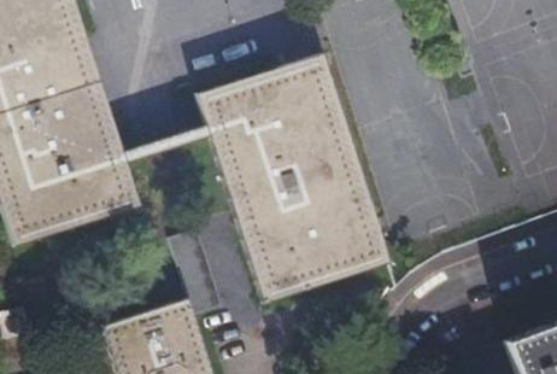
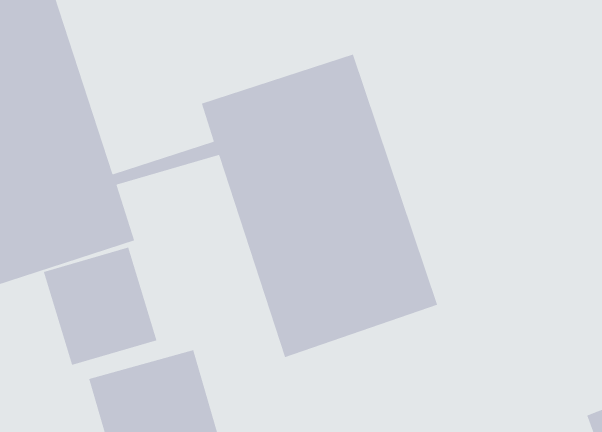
building: none -> [43,246,157,366]

